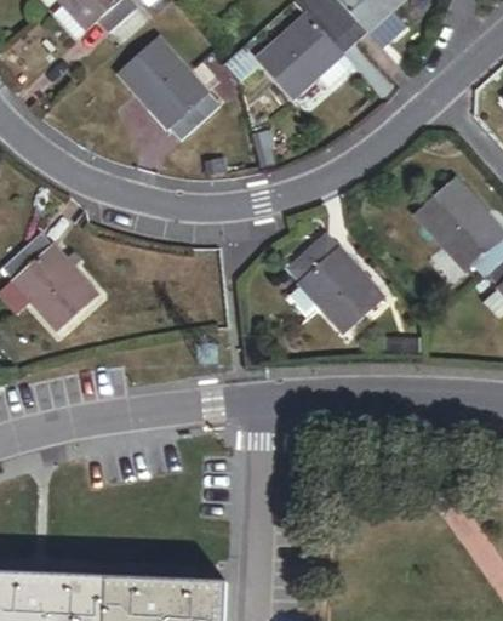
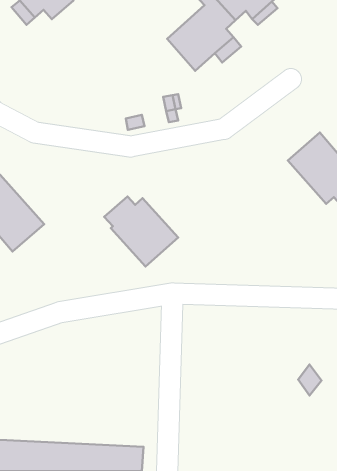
building: [119,36,218,141] -> none
building: [291,244,387,335] -> [104,196,178,267]

